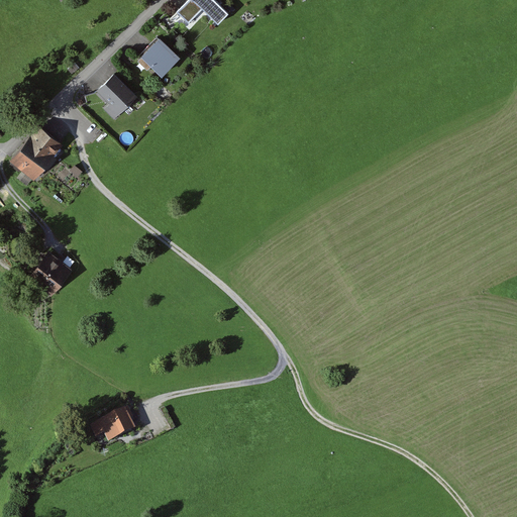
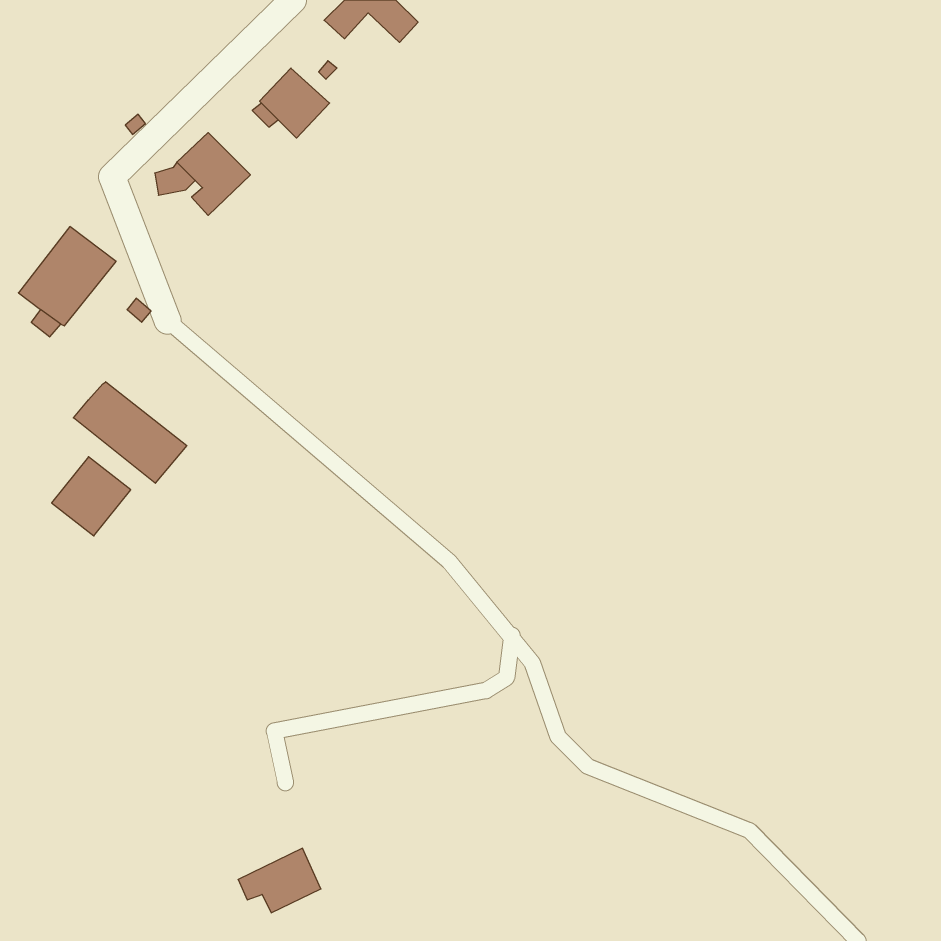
building: none -> [73,382,187,483]
building: [91,409,136,444] -> [238,848,321,913]

